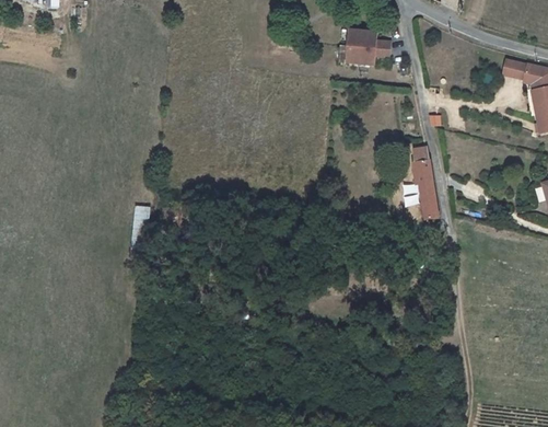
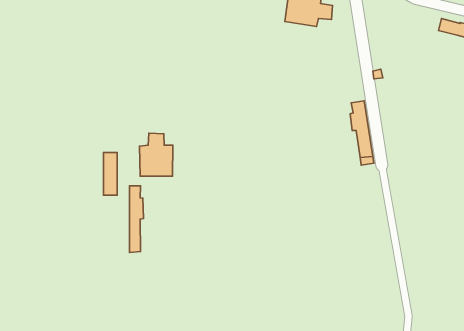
building: none -> [139,133,173,176]
building: none -> [130,186,144,253]

